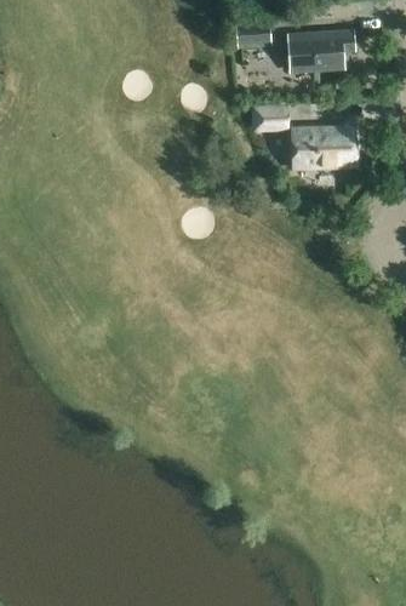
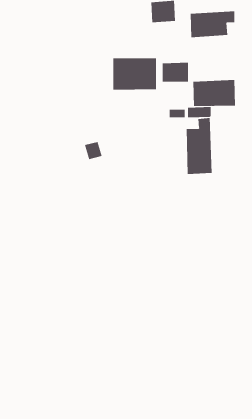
building: none -> [113,58,157,90]
building: none -> [186,117,212,175]

